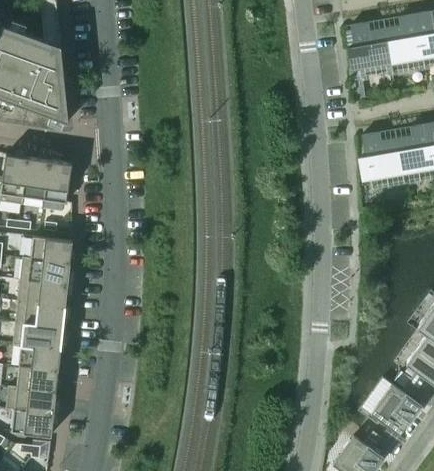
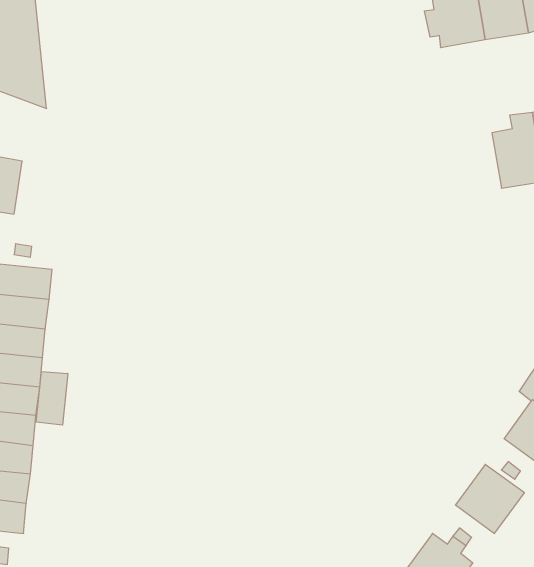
building: [358,133,403,187] -> none
building: [43,161,71,203] -> none
building: none -> [36,372,68,425]

